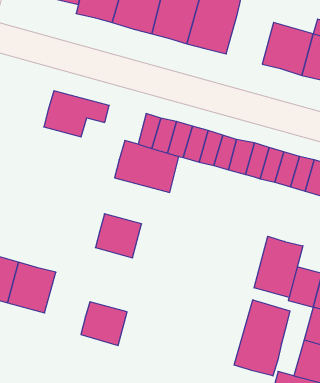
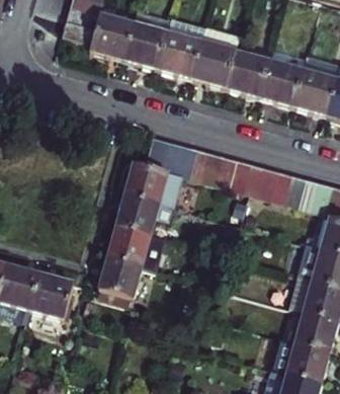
building: none -> [224,50,266,95]
building: [44,91,109,137] -> [114,198,173,239]
building: [254,236,303,297] -> none
building: [234,300,290,376] -> none
building: [81,302,127,346] -> [98,260,140,300]

